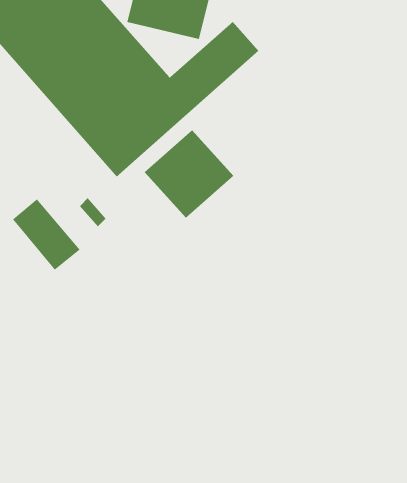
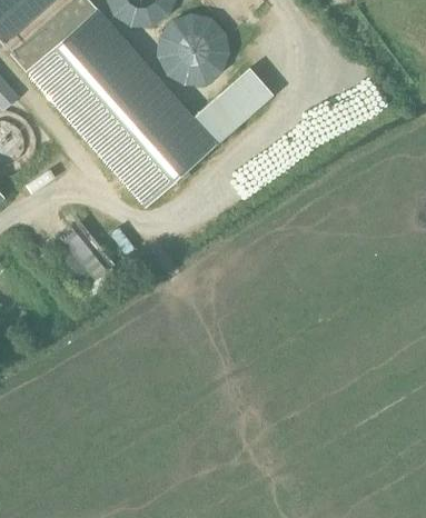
building: [144,129,234,219] -> none

